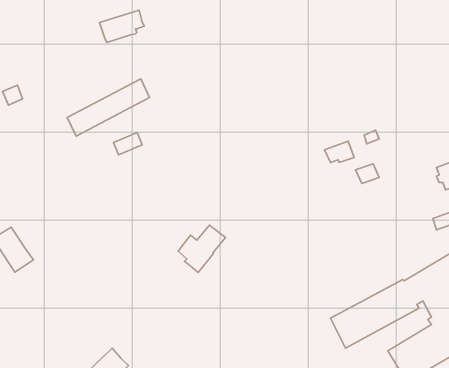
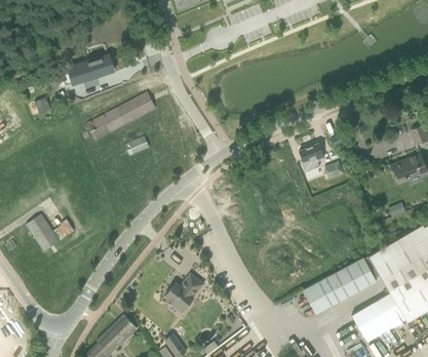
building: [99,10,144,42] -> [75,54,112,81]
building: [178,225,226,273] -> [164,274,203,313]

